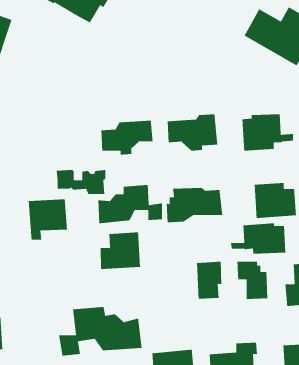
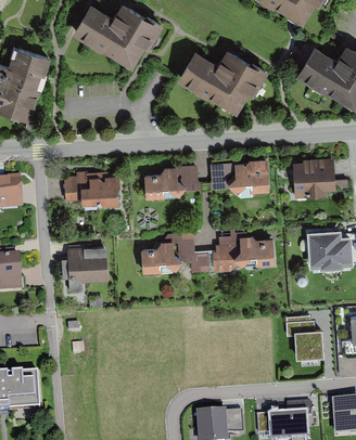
building: none -> [174,48,260,113]
building: [56,169,106,195] -> [66,178,119,205]
building: [230,223,286,254] -> none
building: [100,232,141,270] -> none
building: [196,261,222,300] -> none
building: [58,306,143,356] -> none

